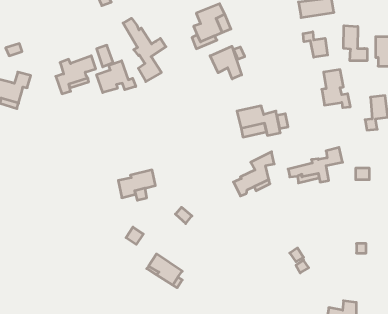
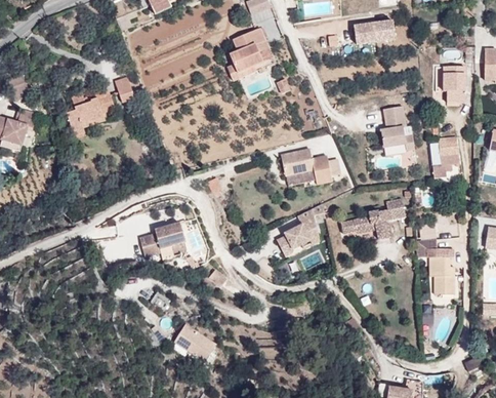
building: [123,18,166,82] -> none
building: [344,26,367,61] -> none
building: [303,32,328,57] -> none
building: [210,46,242,79] -> none
building: [97,61,136,93] -> none
building: none -> [416,239,454,294]

